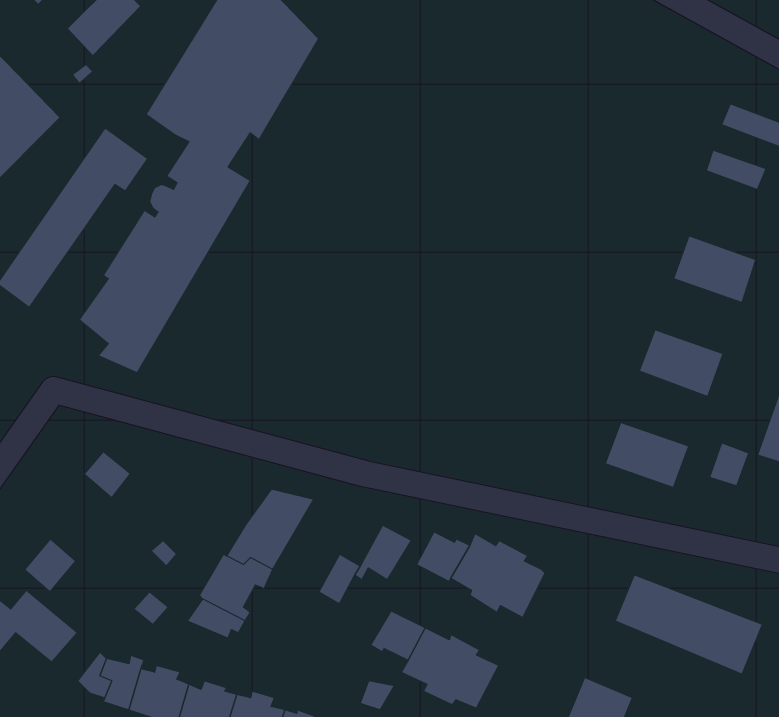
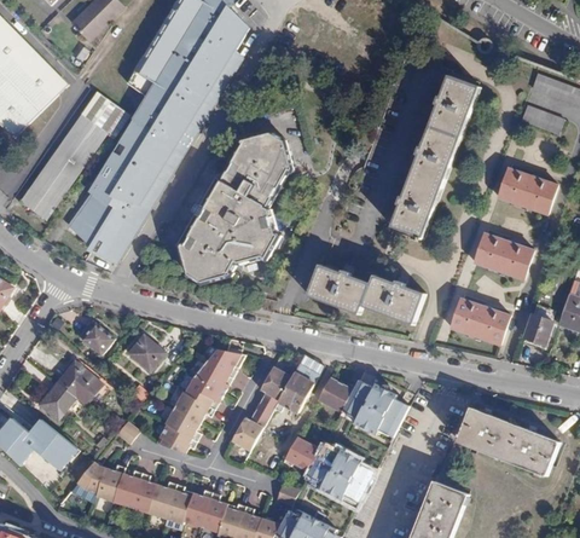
building: none -> [390,75,480,238]
building: none -> [176,128,294,284]
building: none -> [307,264,420,324]
building: none -> [128,334,166,371]
building: none -> [58,361,104,405]
building: none -> [259,368,290,401]
building: none -> [230,417,262,451]

